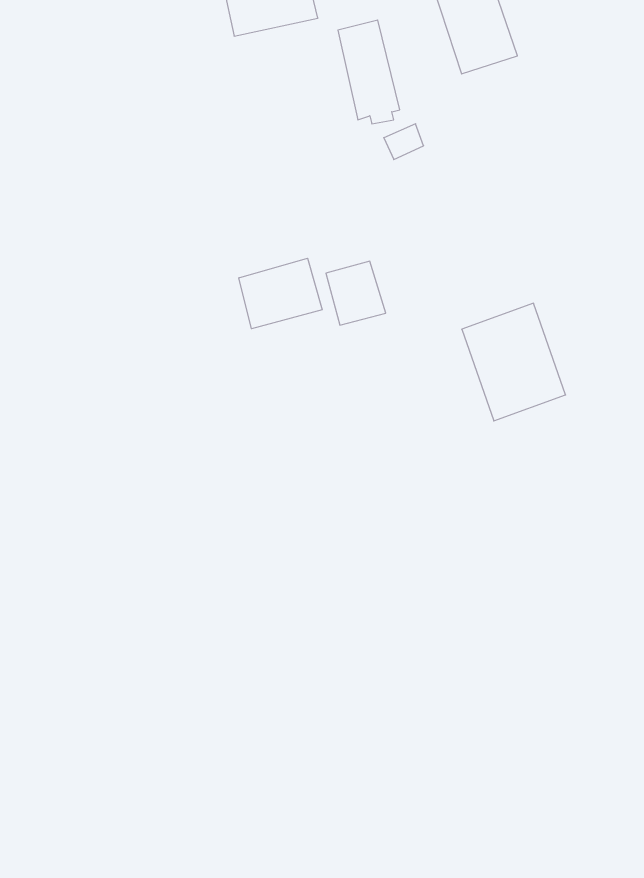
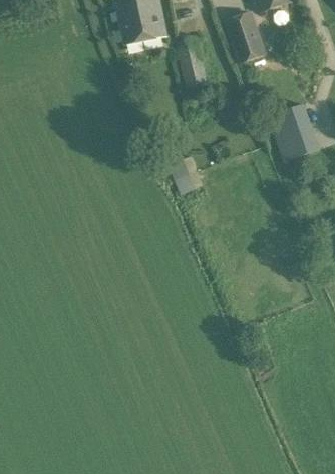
building: [239,258,322,329] -> none
building: [462,303,566,421] -> [268,102,320,161]

